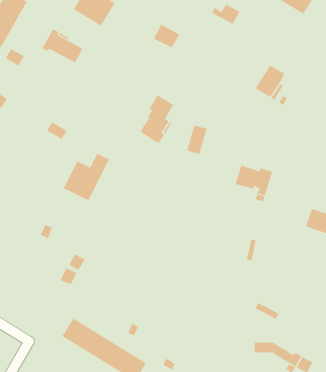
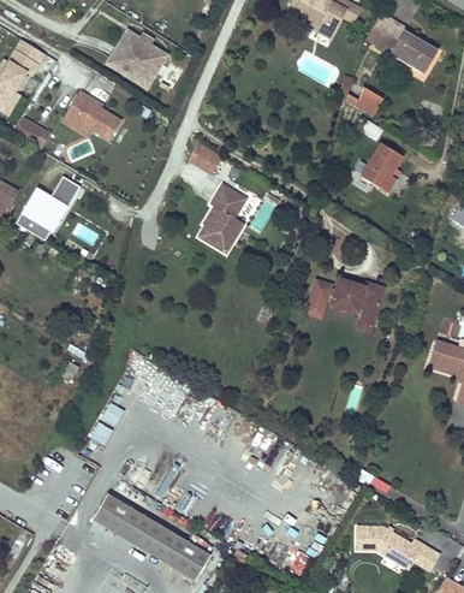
building: [211,4,240,25] -> [344,89,383,118]
building: [153,24,180,48] -> [186,142,224,176]
building: [187,125,208,155] -> [304,279,333,320]
building: [63,153,110,201] -> [14,177,79,243]

